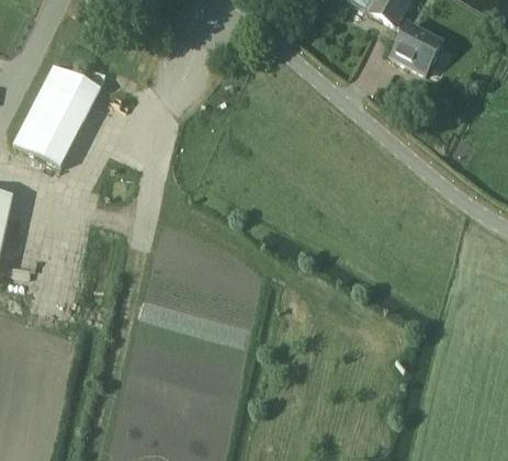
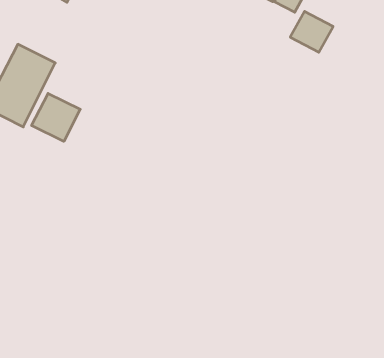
building: none -> [32,93,80,141]

